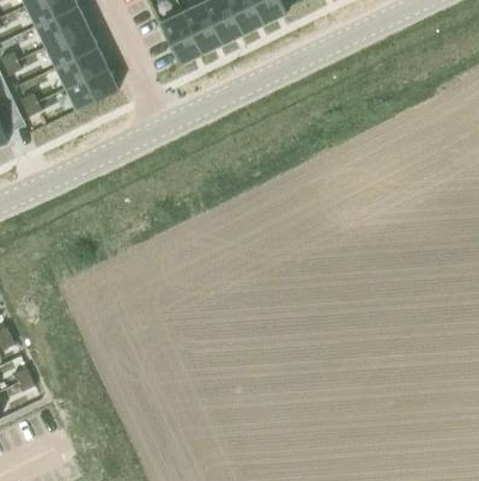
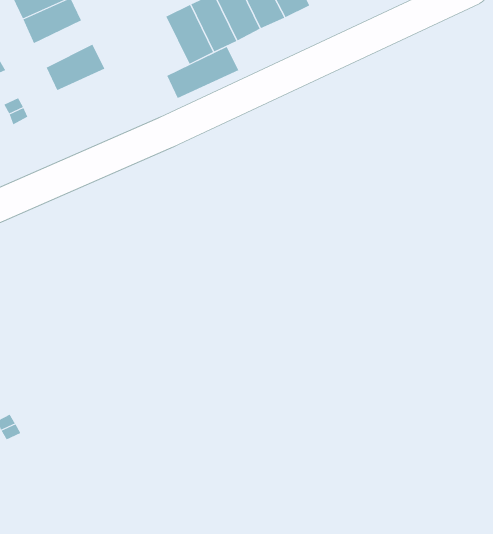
building: [46,26,97,67] -> none
building: none -> [166,46,239,99]
building: [66,68,119,110] -> none

